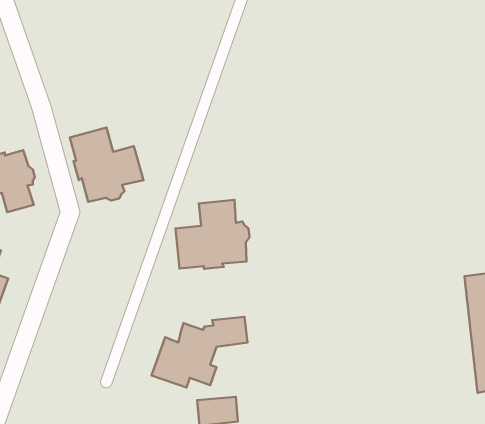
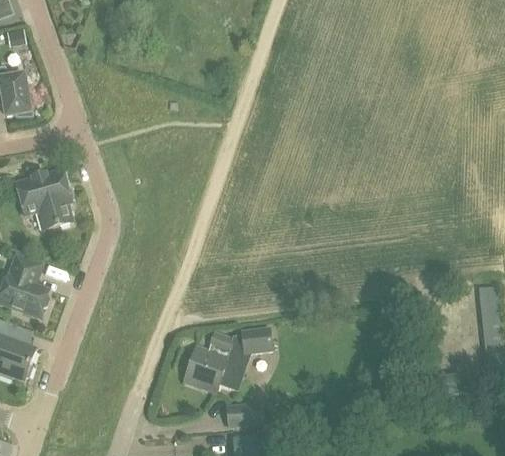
building: [70,127,144,202] -> none
building: [176,200,249,269] -> none

